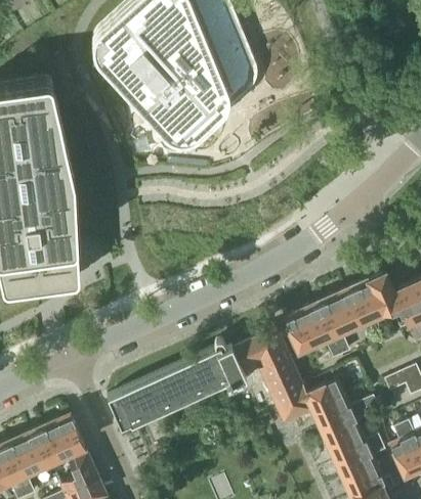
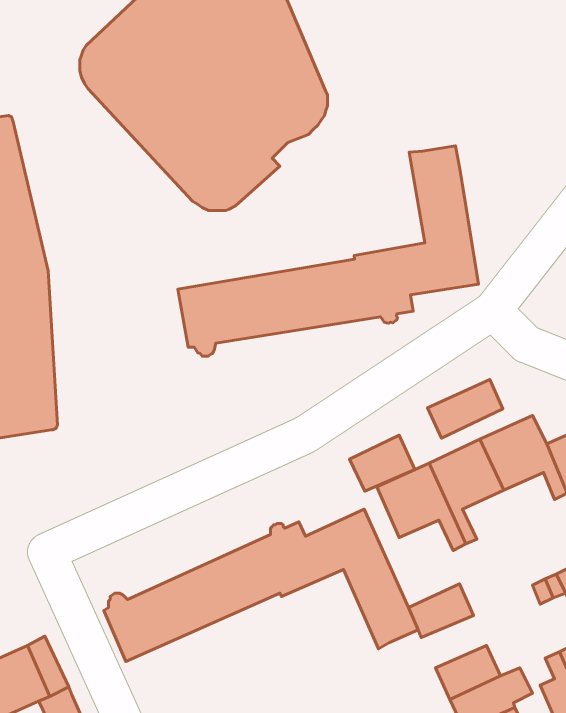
building: none -> [178,146,478,356]
building: none -> [427,380,503,438]
building: none -> [349,435,415,491]
building: [312,399,375,437] -> none

